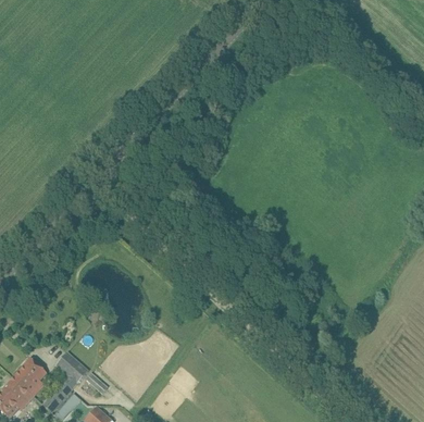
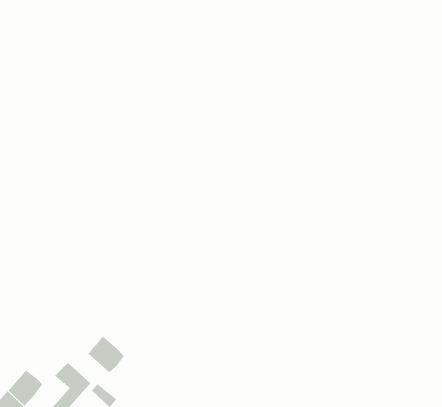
building: none -> [87,335,125,373]

